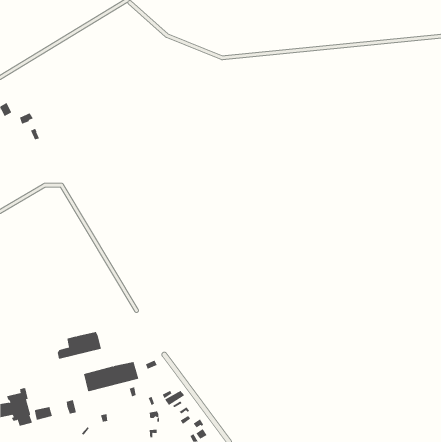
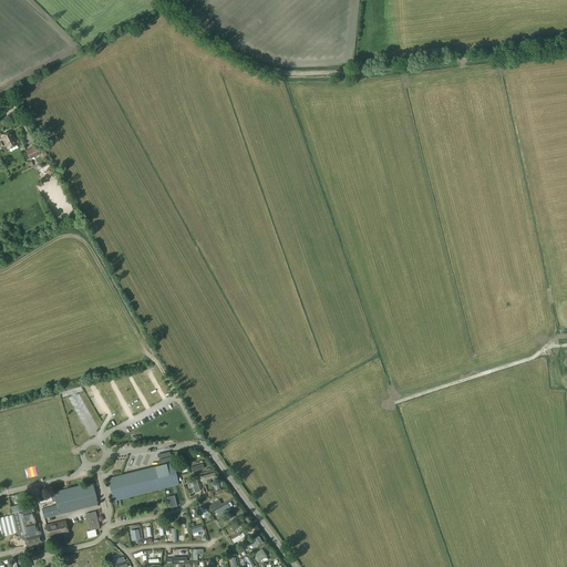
building: [57,332,102,360] -> [40,483,97,519]

